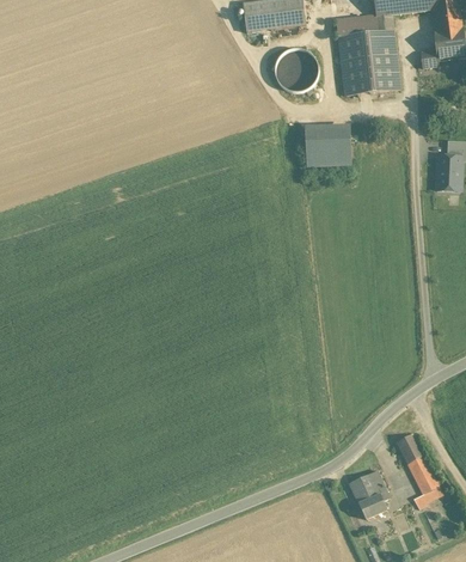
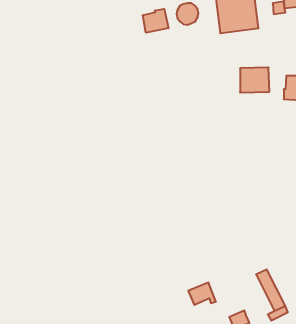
building: none -> [143,9,168,33]
building: [307,132,349,167] -> [240,67,269,93]
building: [350,469,390,501] -> [188,282,216,305]

